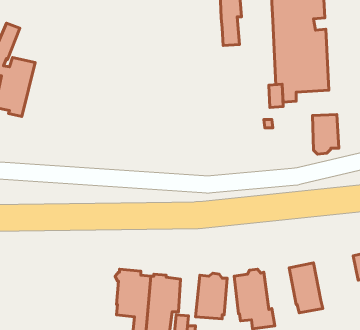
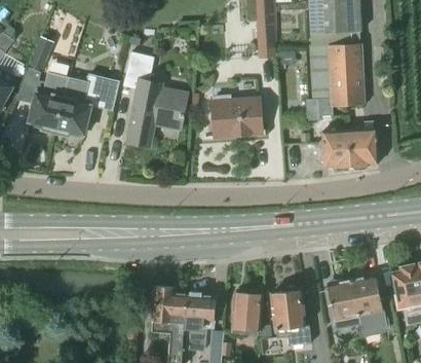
building: none -> [122,52,189,148]
building: none -> [55,74,119,135]
building: none -> [210,95,262,138]
building: none -> [323,131,350,171]
building: none -> [350,276,390,336]

